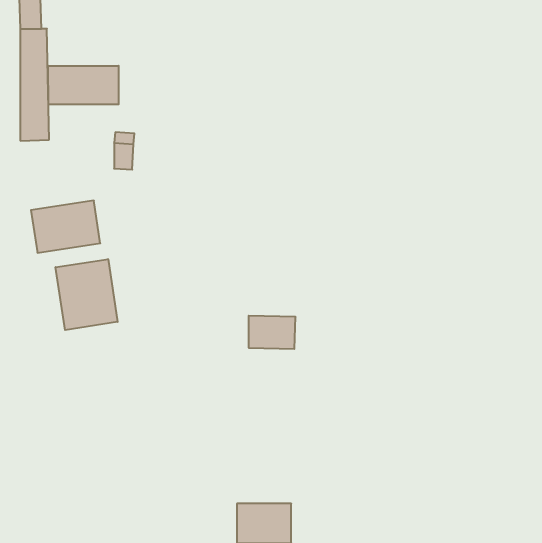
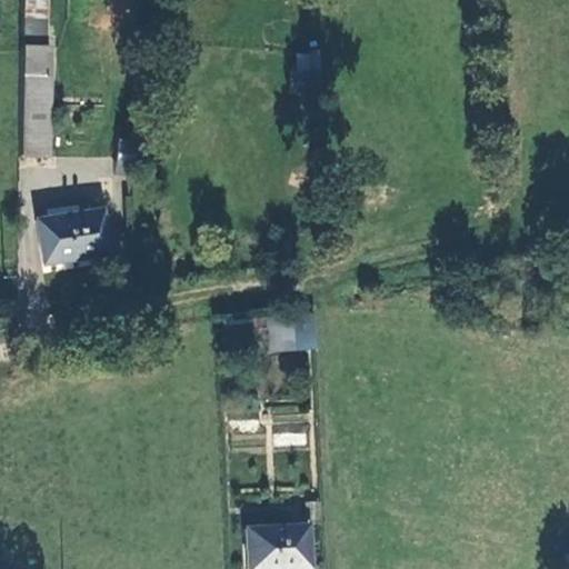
building: [48,66,119,104] -> none
building: [56,259,118,330] -> none

